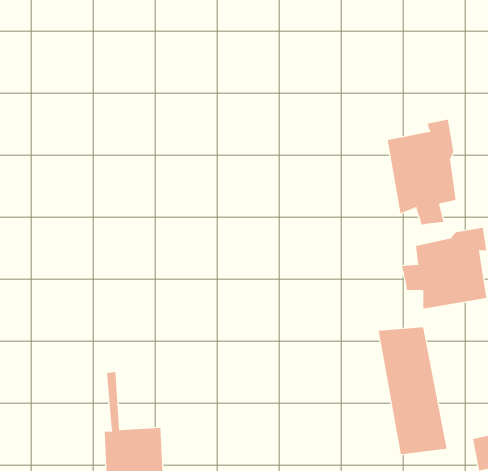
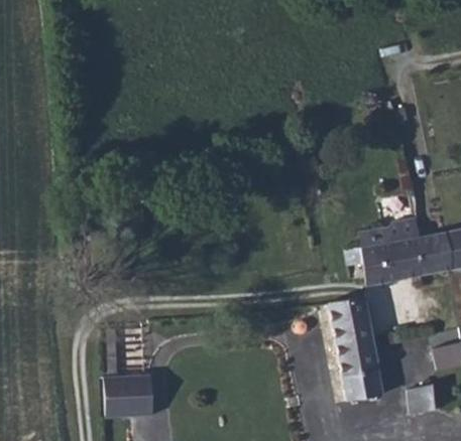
building: [387,119,456,226] -> none

